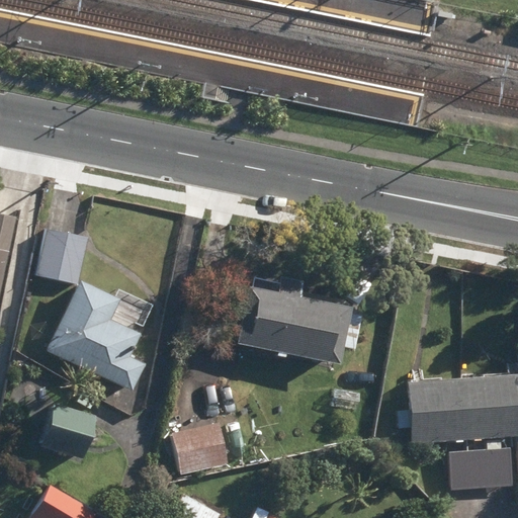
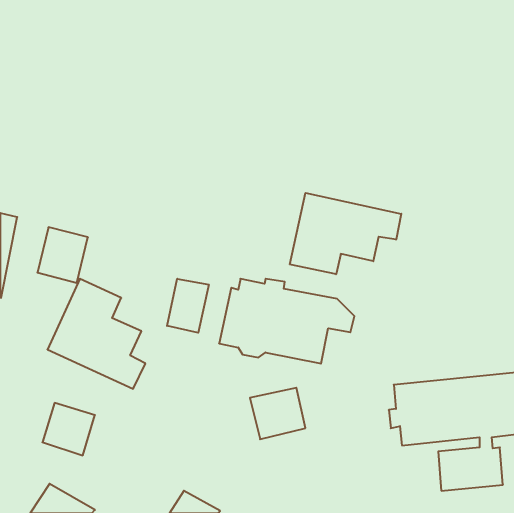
building: none -> [290,193,401,274]
building: none -> [167,279,209,333]
building: [165,423,221,474] -> [250,388,305,439]

